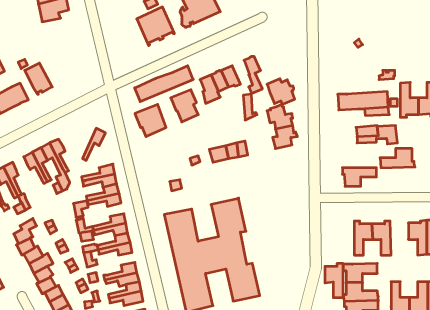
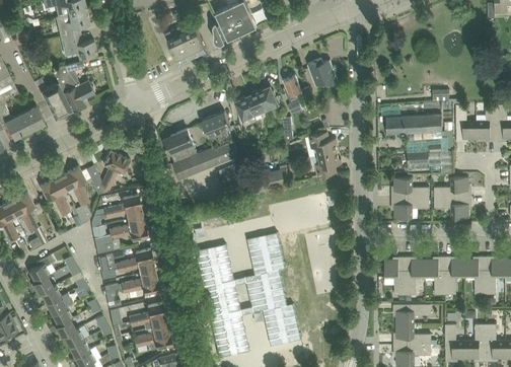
building: none -> [60,33,96,59]
building: none -> [51,64,94,109]
building: [135,66,193,102] -> [173,140,238,179]
building: [267,79,295,105] -> [307,59,338,87]
building: none -> [85,151,120,195]
building: none -> [390,178,429,199]
building: none -> [434,198,471,219]
building: none -> [444,258,464,295]
building: [325,264,343,298] -> [384,258,405,295]

